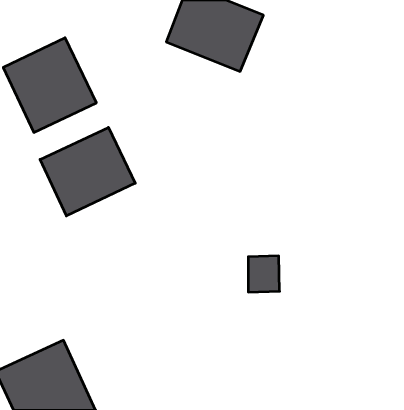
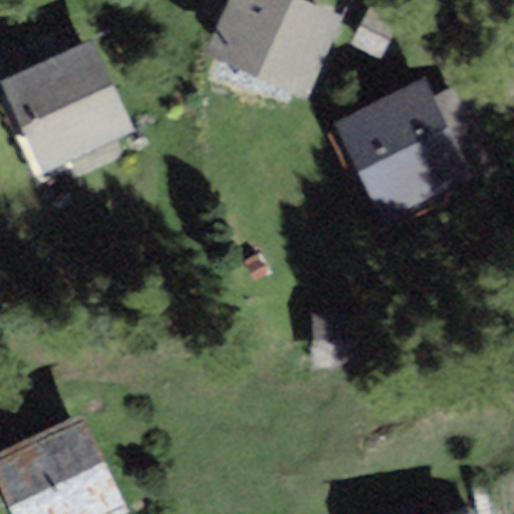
building: none -> [338,88,457,211]
building: [40,127,135,216] -> none

